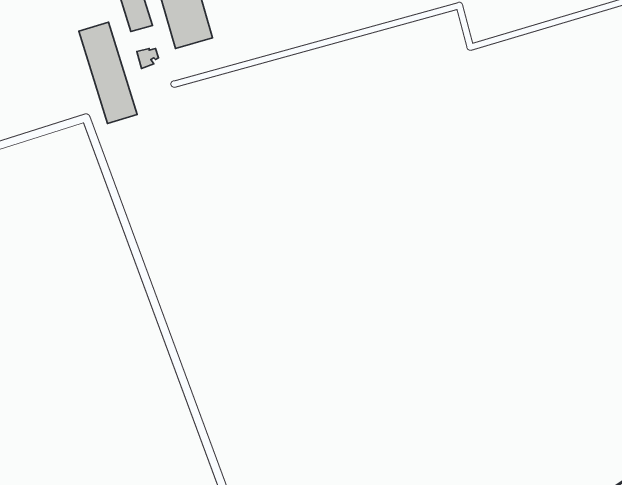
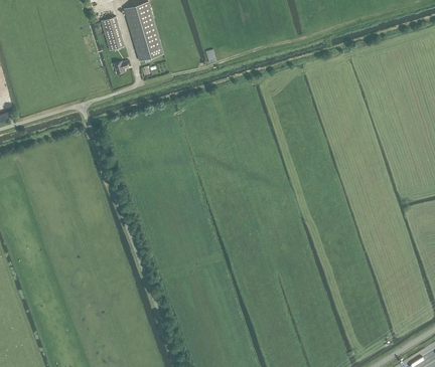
building: [79,22,137,124] -> none

